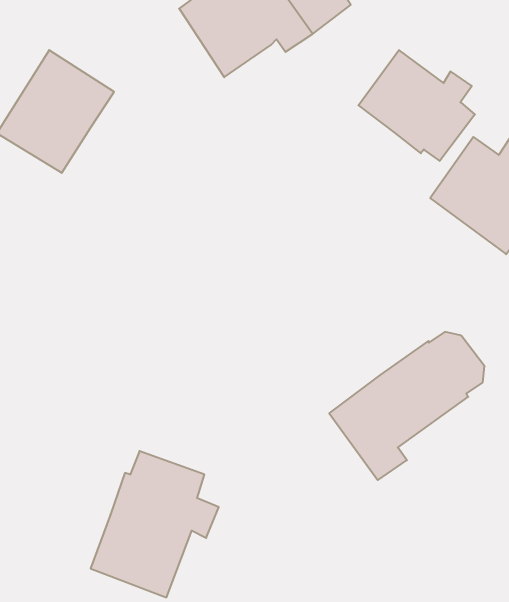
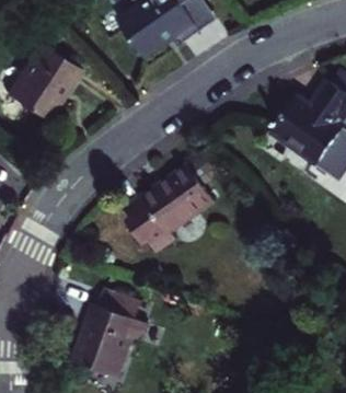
building: [358,50,475,161] -> none
building: [329,332,485,480] -> [130,167,224,257]

